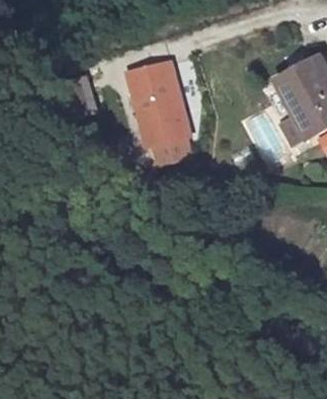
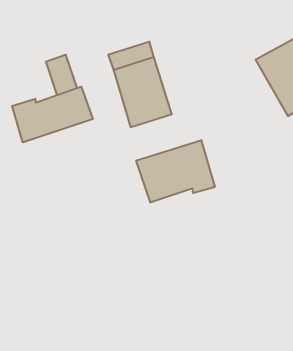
building: none -> [12,87,93,142]
building: none -> [136,140,215,203]

